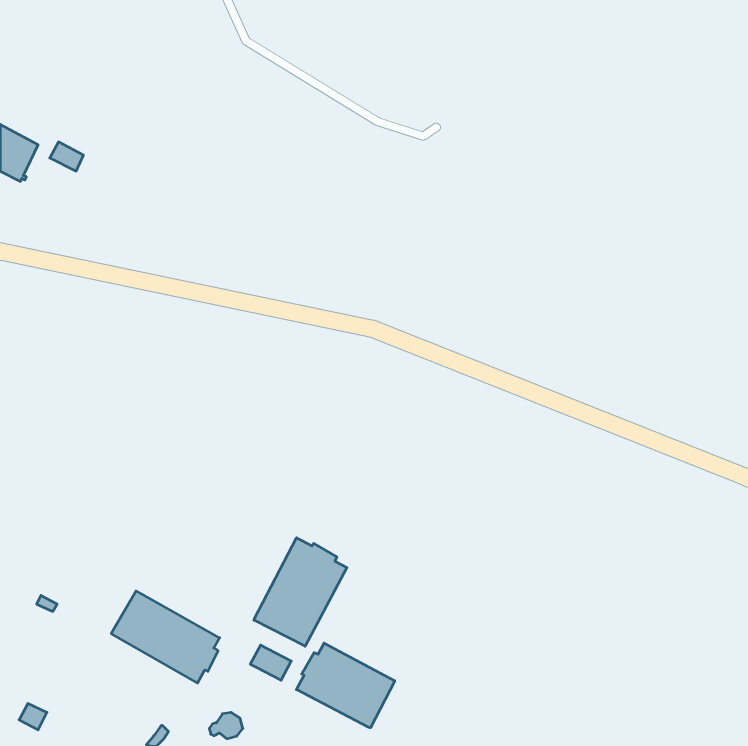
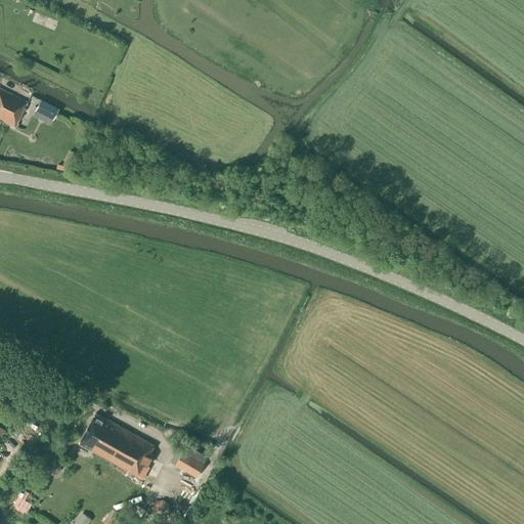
building: [254,538,347,646] -> none
building: [296,643,395,728] -> none

